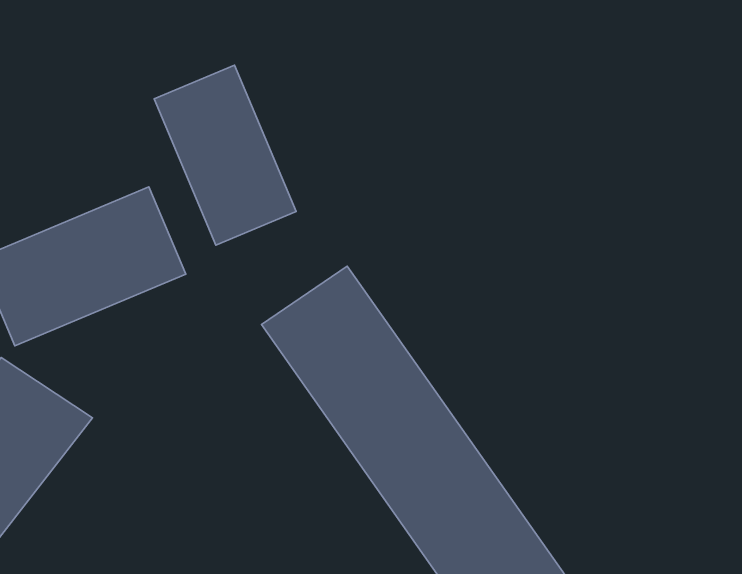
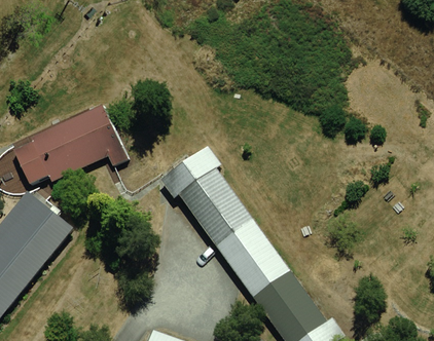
building: [154,65,296,245] -> none

